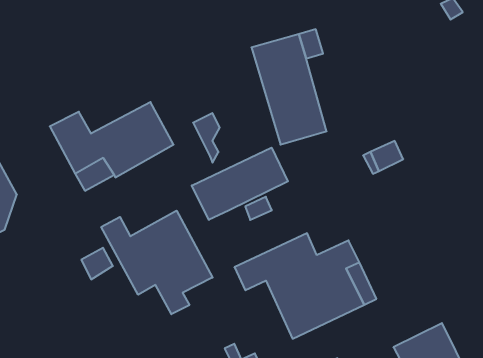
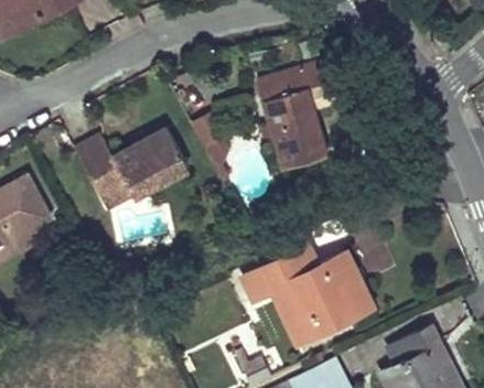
building: [192,148,288,220] -> none
building: [101,211,213,314] -> none

